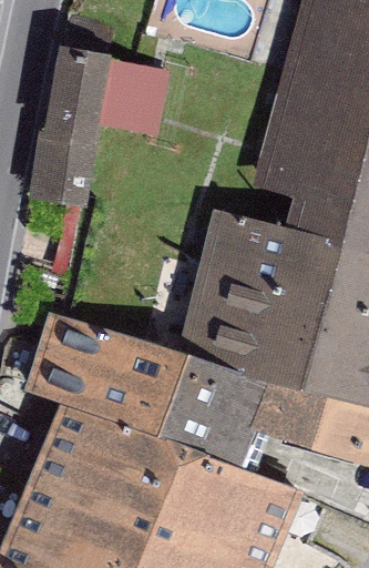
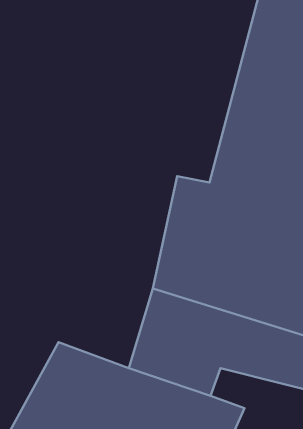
building: [28,53,164,215] -> none
building: [12,303,184,440] -> none

